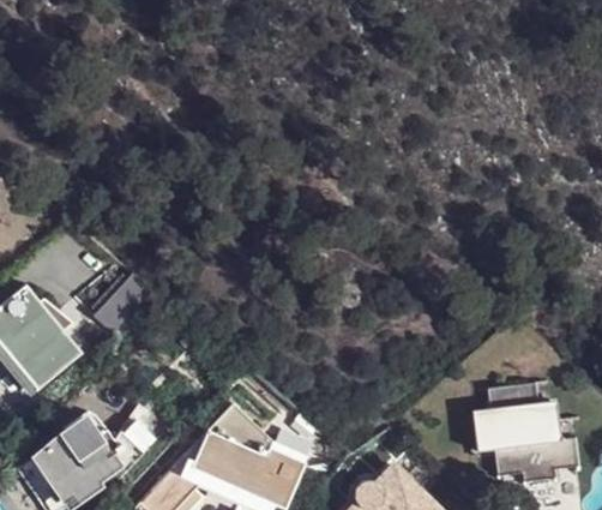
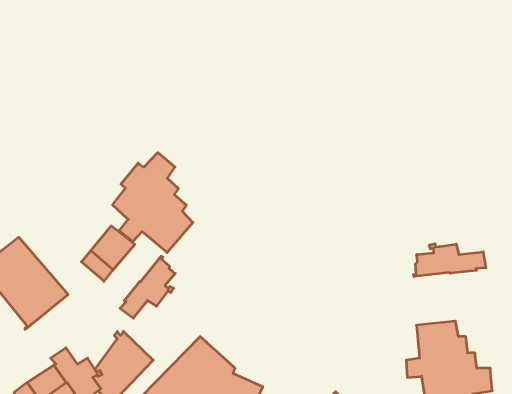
building: none -> [113,153,193,253]
building: none -> [413,244,486,277]
building: none -> [120,256,175,318]

